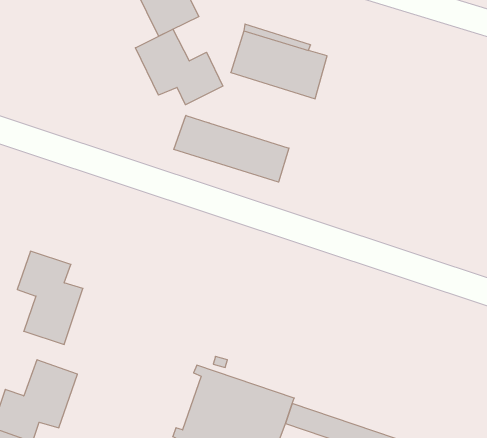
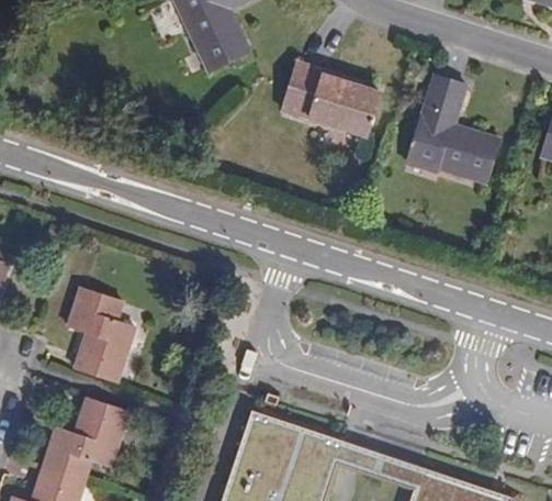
building: [135,29,223,105] -> none
building: none -> [408,77,499,185]
building: [174,115,289,182] -> none

